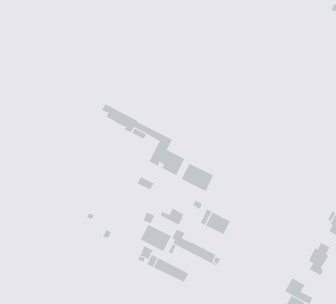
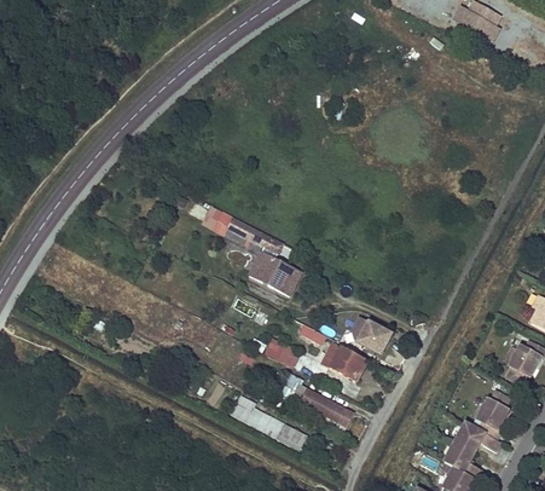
building: [181,163,214,192] -> [346,316,393,357]
building: [140,224,171,252] -> none
building: none -> [454,422,501,452]

